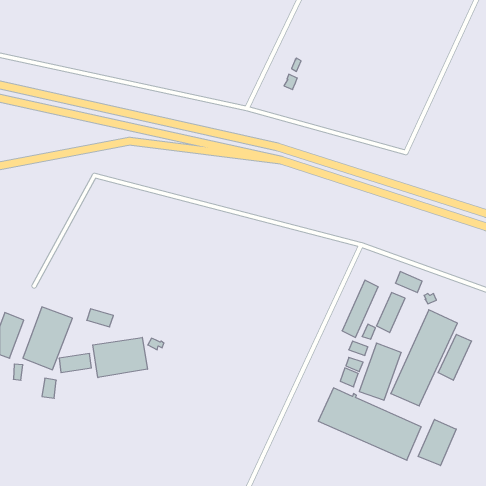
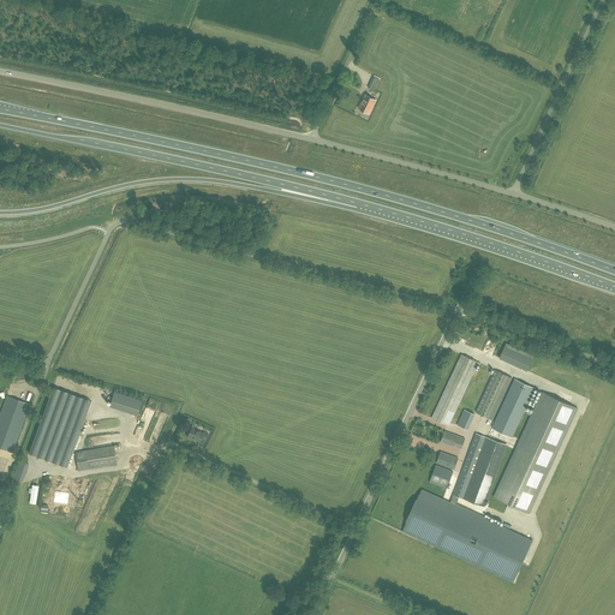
building: [438,334,472,380] -> [491,378,533,436]
building: [93,337,147,378] -> none
building: [418,419,456,466] -> none

